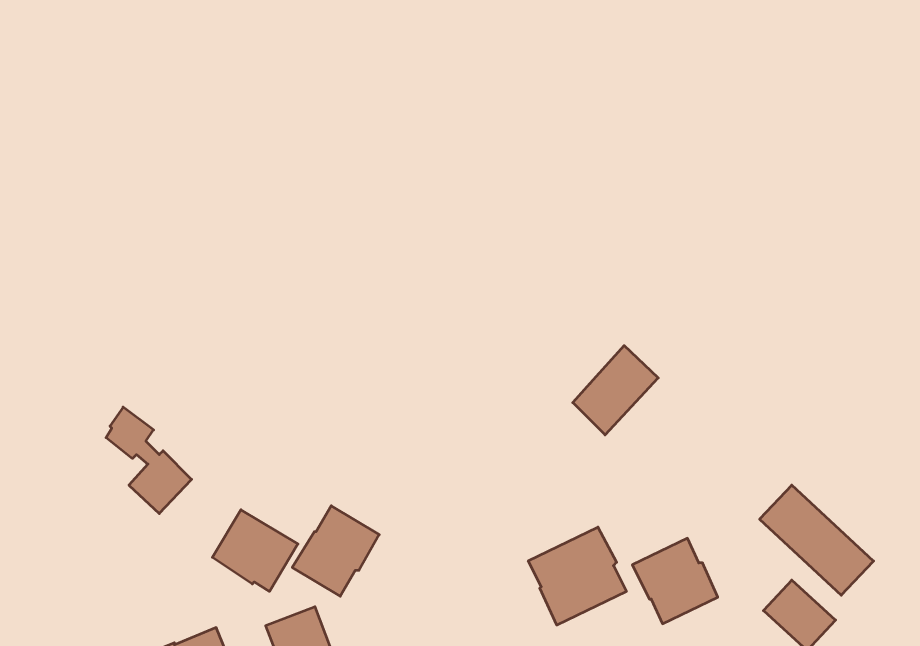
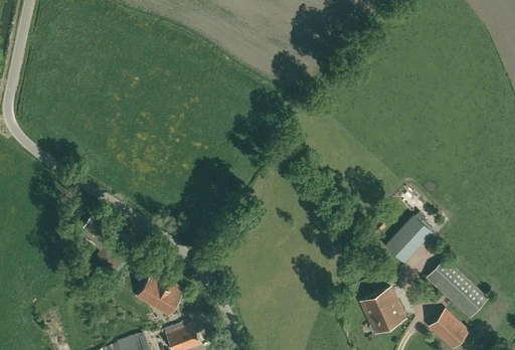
building: [573,346,658,435] -> [386,215,432,262]
building: [292,506,379,596] -> none
building: [528,527,626,625] -> none

